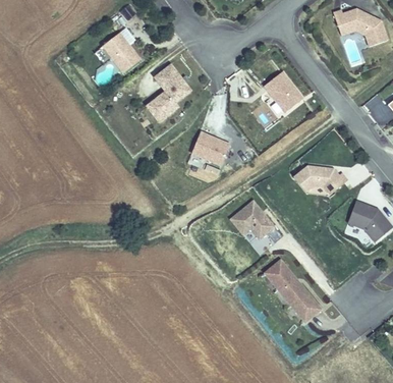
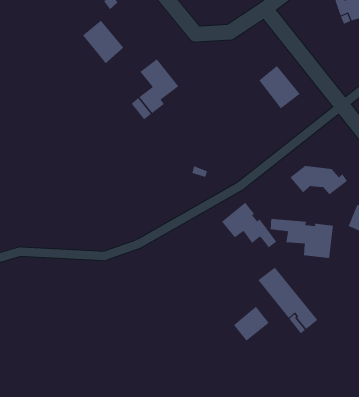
building: [192,132,230,167] -> none
building: none -> [270,218,333,259]
building: none -> [233,306,269,341]

